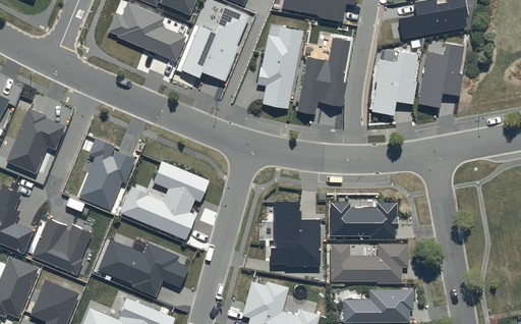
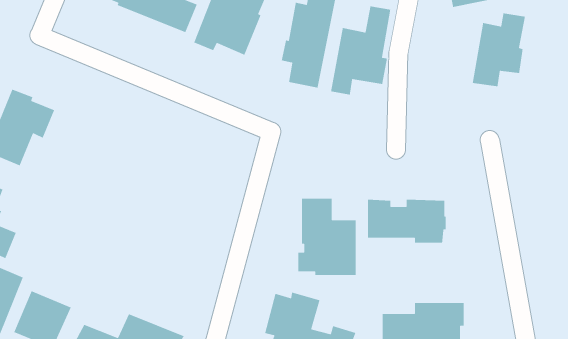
building: [371,52,417,115] -> none
building: [77,138,134,210] -> none
building: [120,160,209,239] -> none
building: [31,218,92,275] -> none
building: [98,239,188,296] -> none
building: [329,242,406,286] -> none

